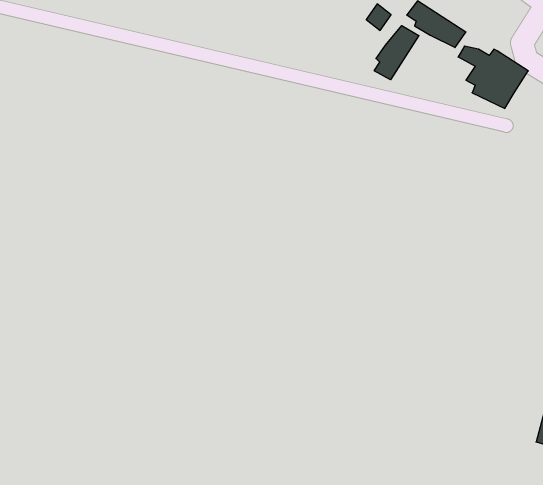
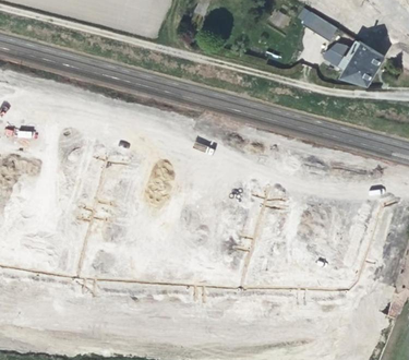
building: [374,26,419,80] -> none

